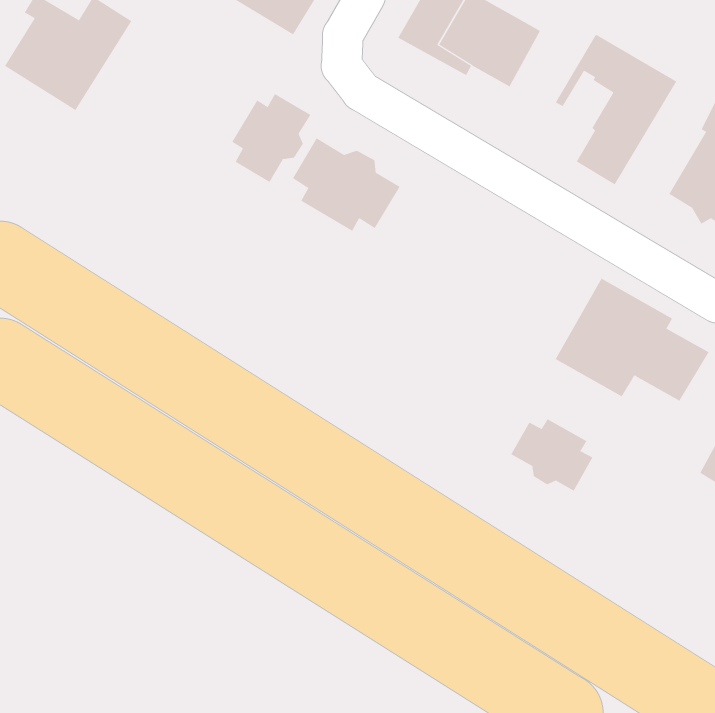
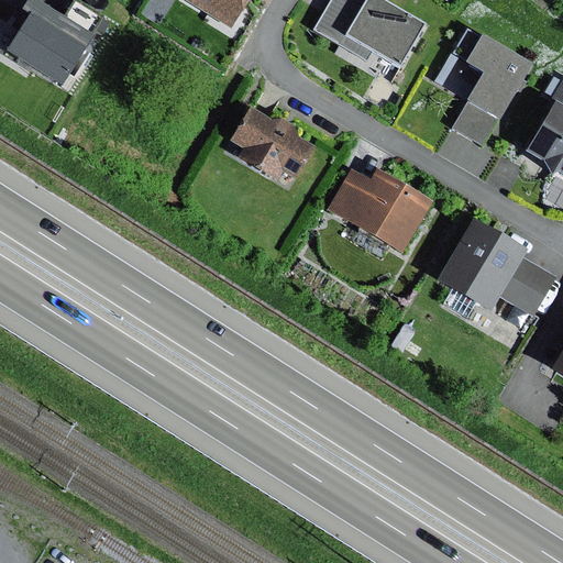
building: [232,93,311,183] -> none
building: none -> [328,168,433,253]
building: [510,418,593,491] -> none

